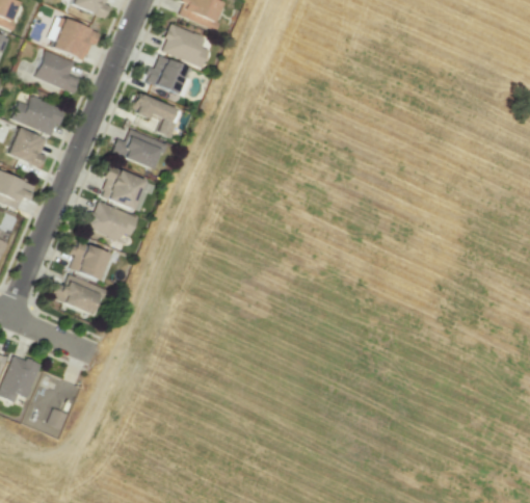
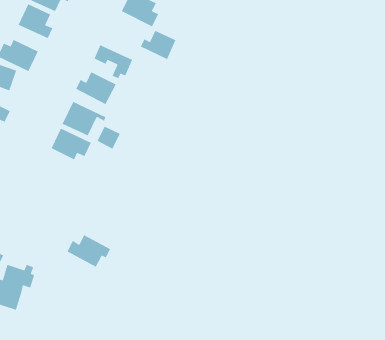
building: [143,56,188,92] -> [140,30,177,60]
building: none -> [97,125,121,150]
building: [70,240,110,281] -> none
building: [52,274,107,315] -> [67,234,111,268]

